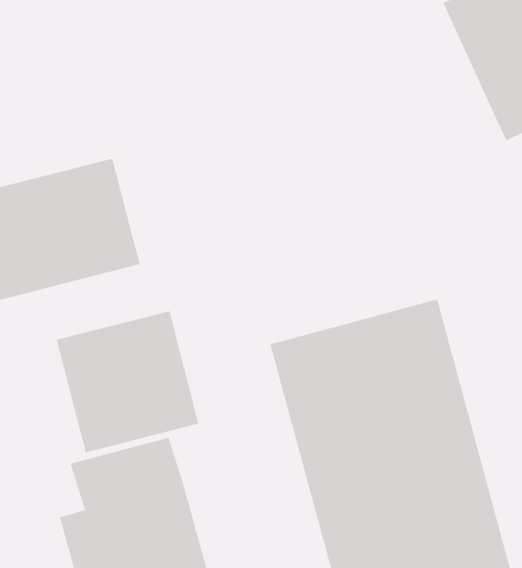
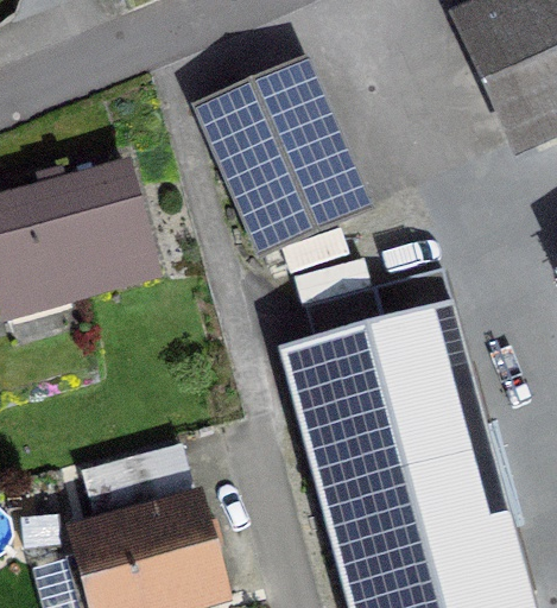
building: none -> [200,65,366,252]
building: [56,310,199,453] -> none

